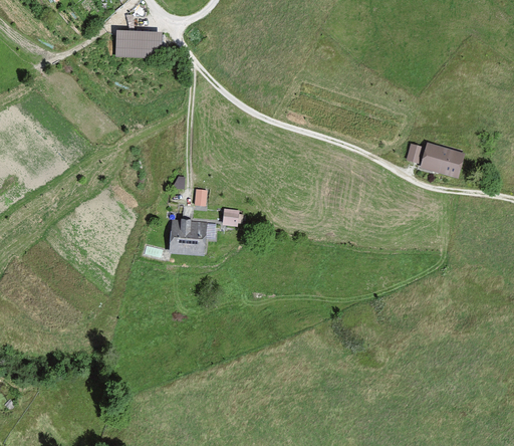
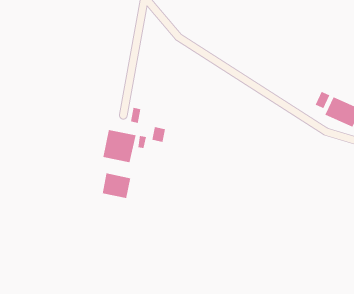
building: none -> [102,173,131,199]

